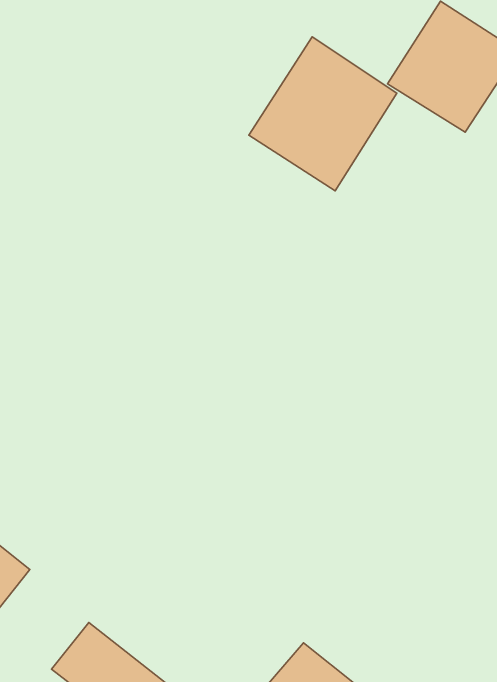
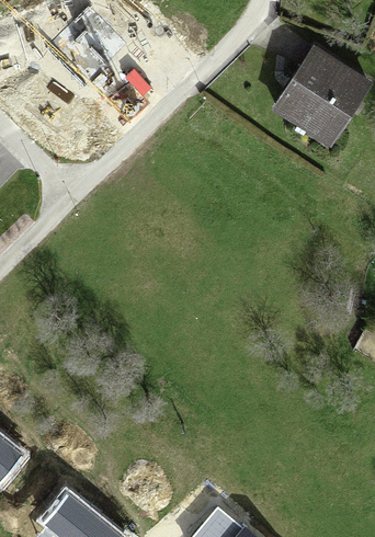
building: [249,37,397,191] -> none

